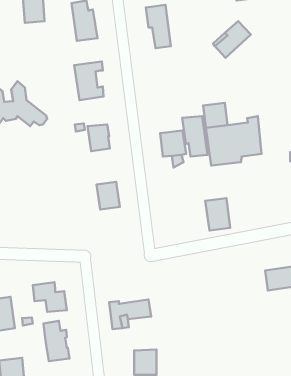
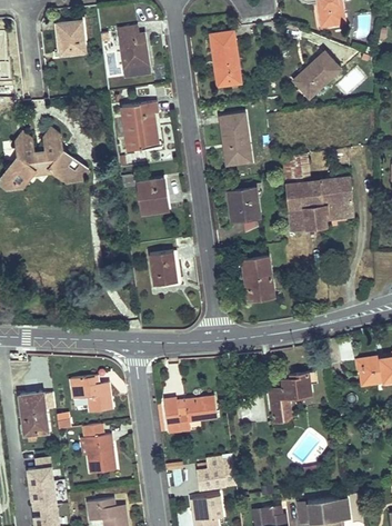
building: [182,116,207,157] -> [220,115,251,165]
building: [205,198,230,230] -> [242,257,273,297]
building: none -> [269,373,316,425]

